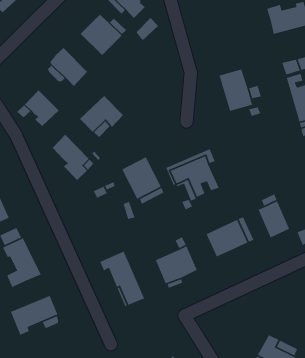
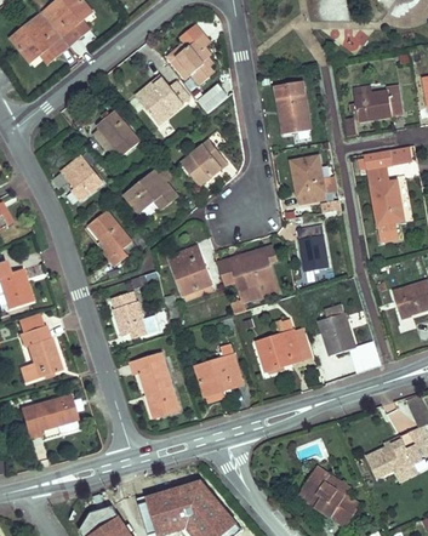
building: none -> [274,81,310,133]
building: none -> [181,139,227,186]
building: none -> [296,224,329,272]
building: none -> [112,292,158,338]

